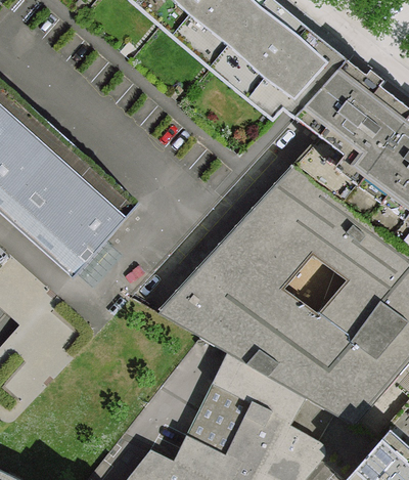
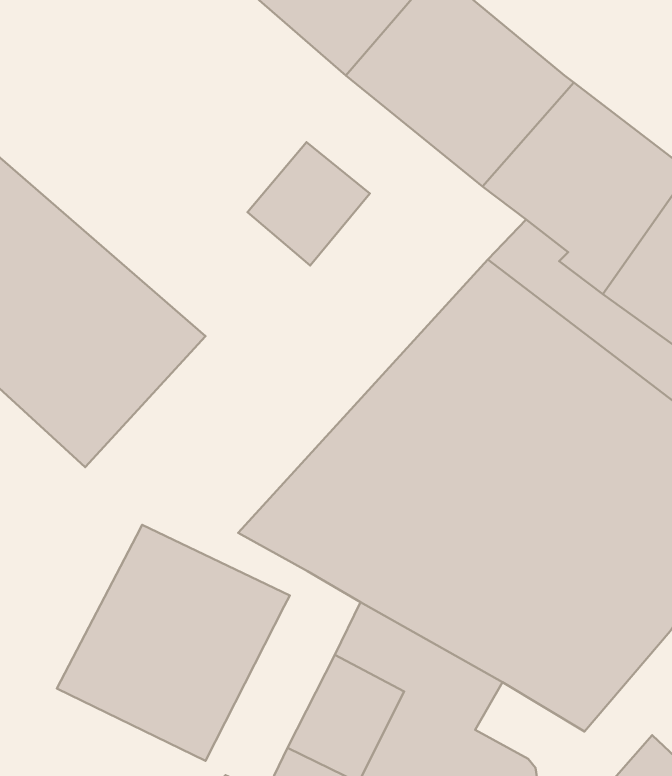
building: none -> [247,142,370,265]
building: none -> [57,525,290,761]

